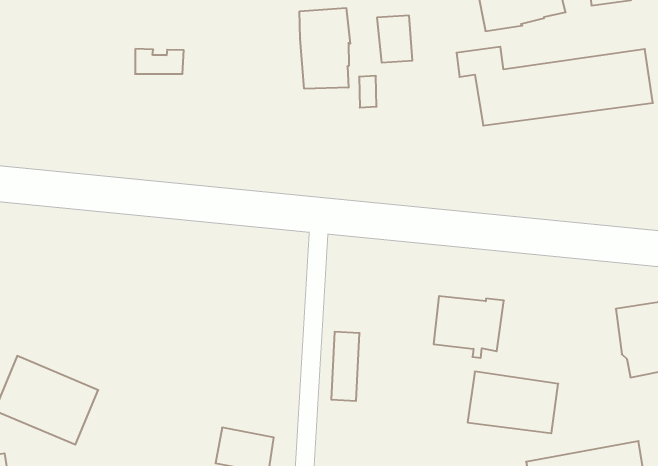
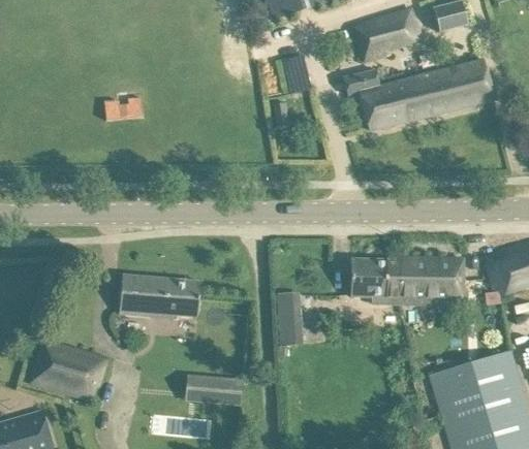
building: [300,8,350,89] -> none
building: none -> [120,276,200,317]
building: [468,372,558,433] -> [399,258,463,297]

